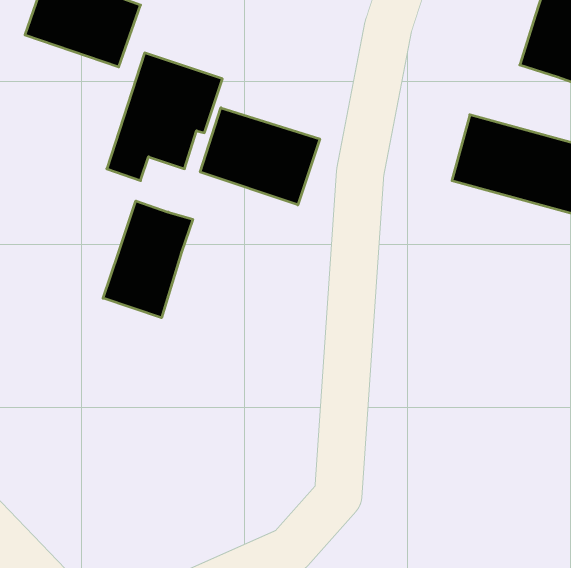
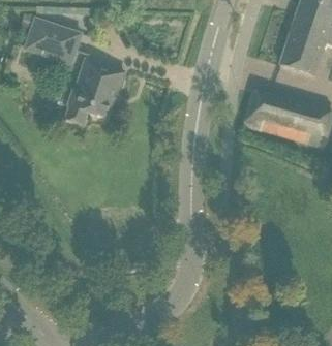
building: [200,108,320,205] -> none
building: [103,201,193,318] -> none

